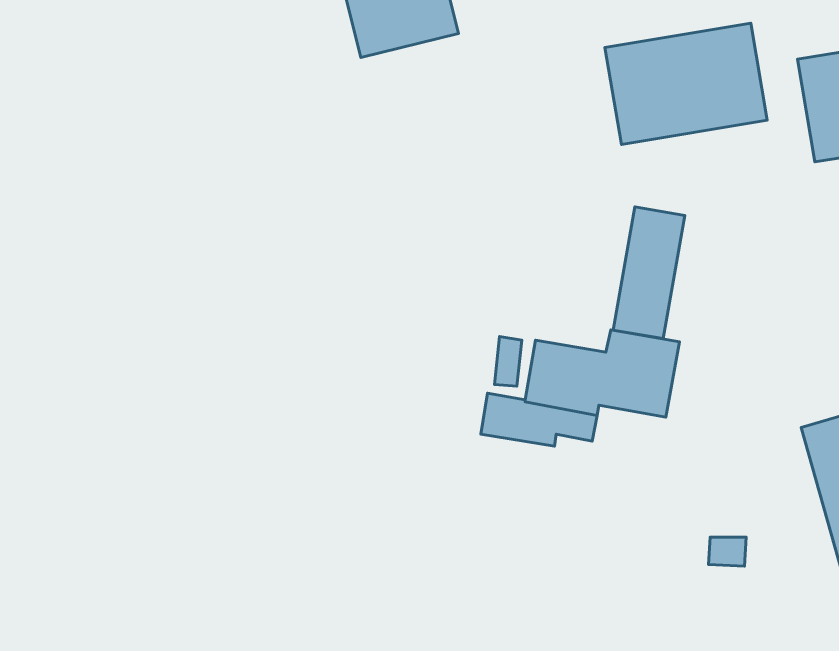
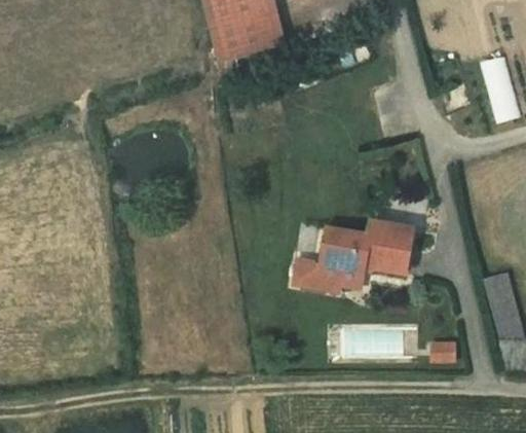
building: [605,23,767,144] -> none
building: [613,207,685,339] -> none

